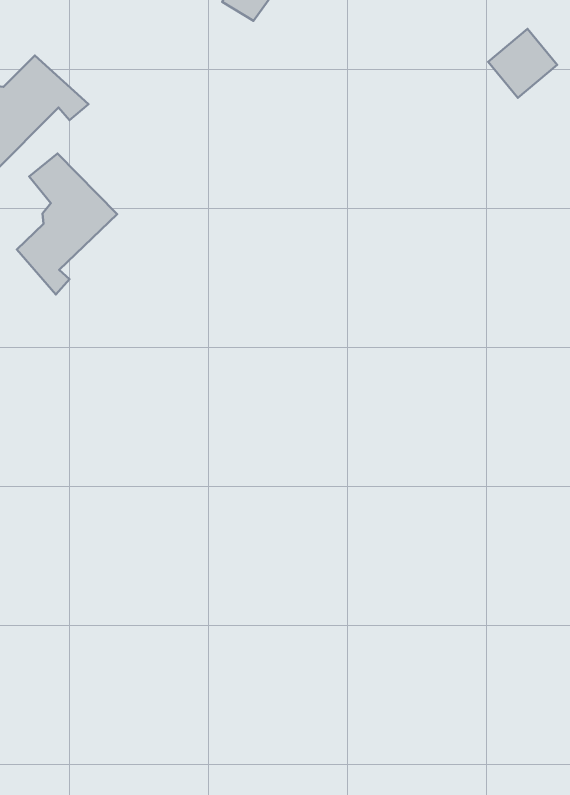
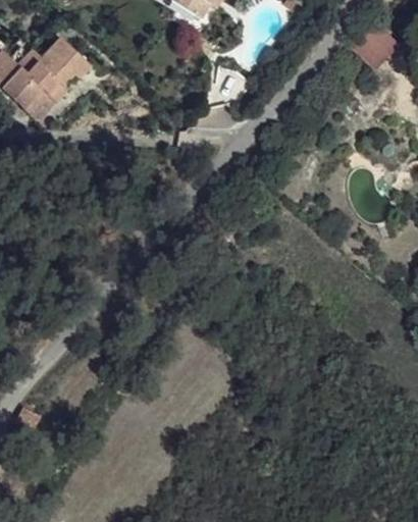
building: [17,153,117,295] -> none

